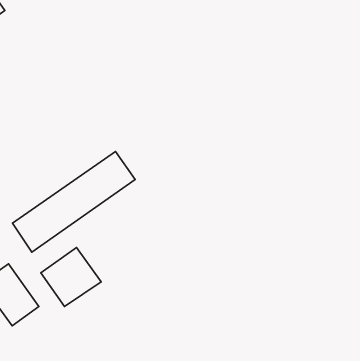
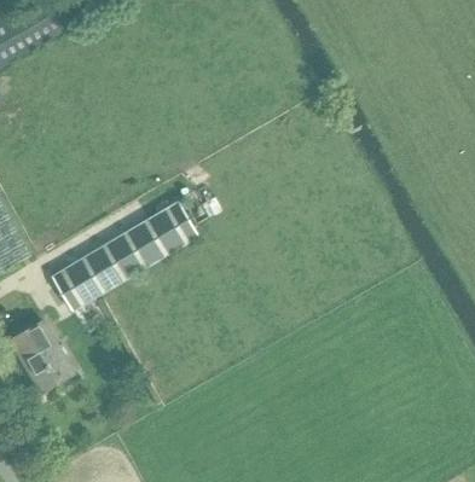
building: [41,247,101,307] -> none

